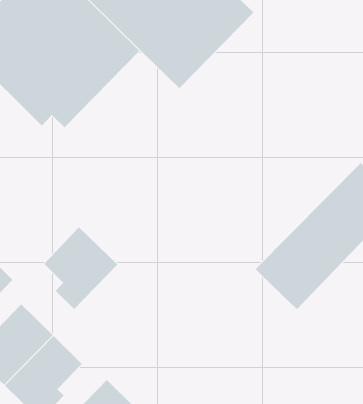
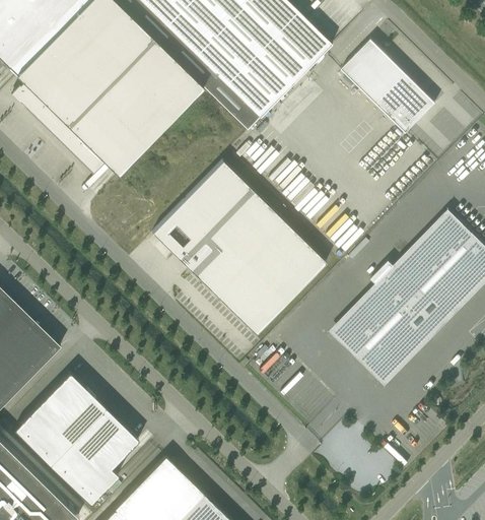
building: none -> [342,40,435,133]
building: none -> [151,160,327,334]
building: [43,227,118,310] -> none

